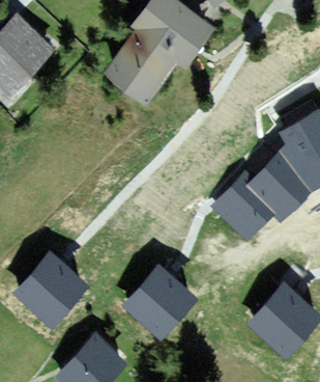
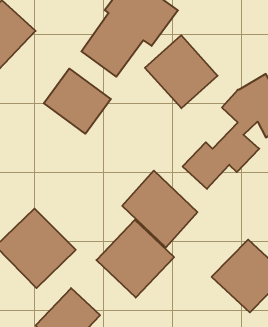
building: none -> [145,35,218,108]
building: none -> [44,69,111,134]
building: none -> [122,171,197,247]

